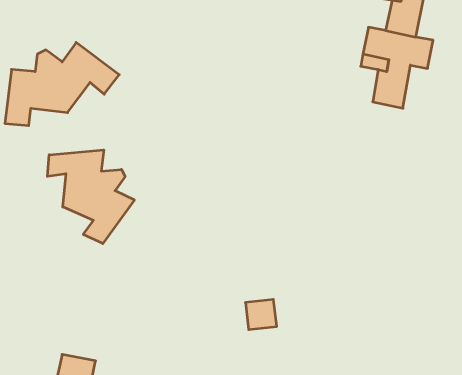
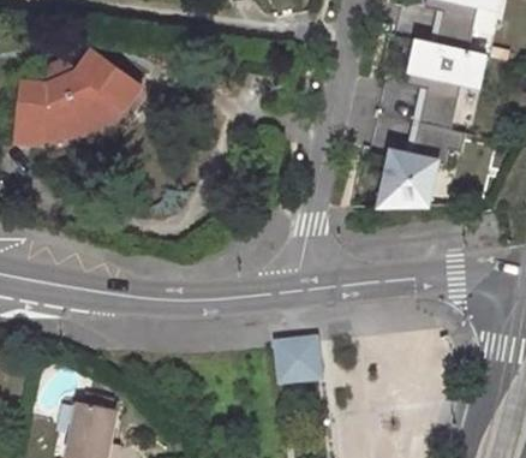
building: none -> [385,121,471,206]
building: [47,150,134,244] -> none

